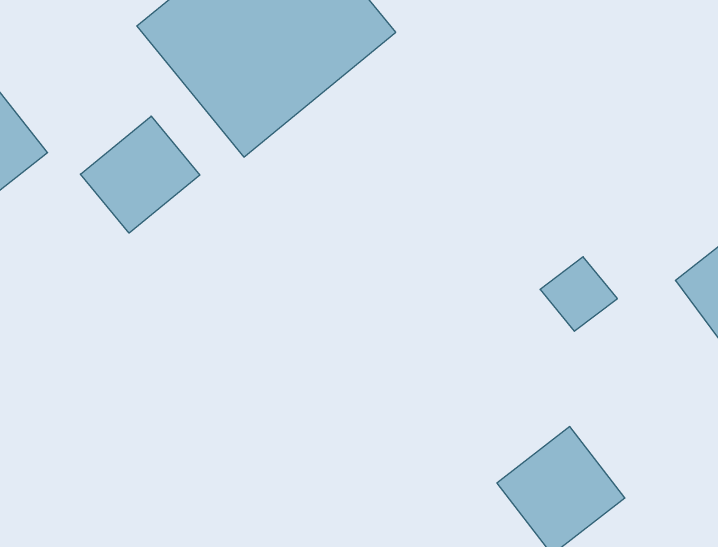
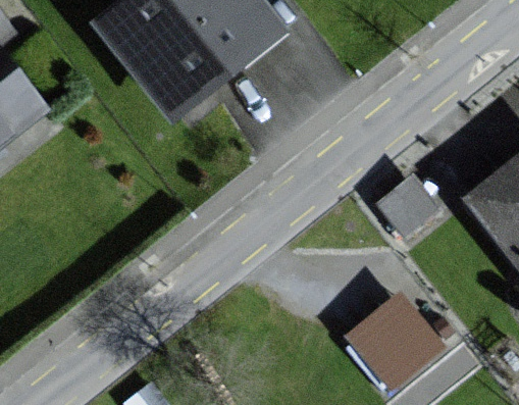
building: [80,116,200,233] -> none

